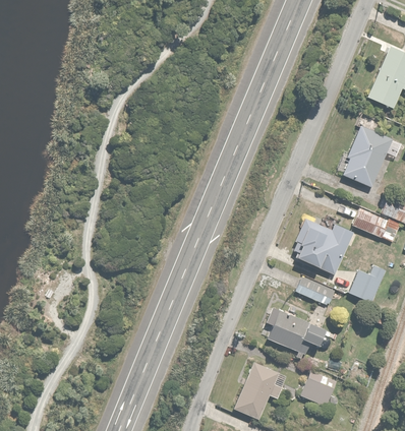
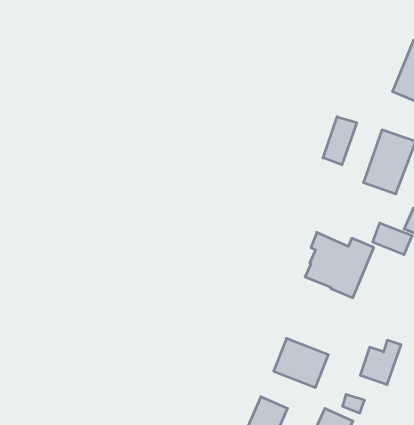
building: none -> [323,117,357,165]
building: [349,265,385,304] -> [360,340,401,385]
building: [297,280,326,303] -> none

